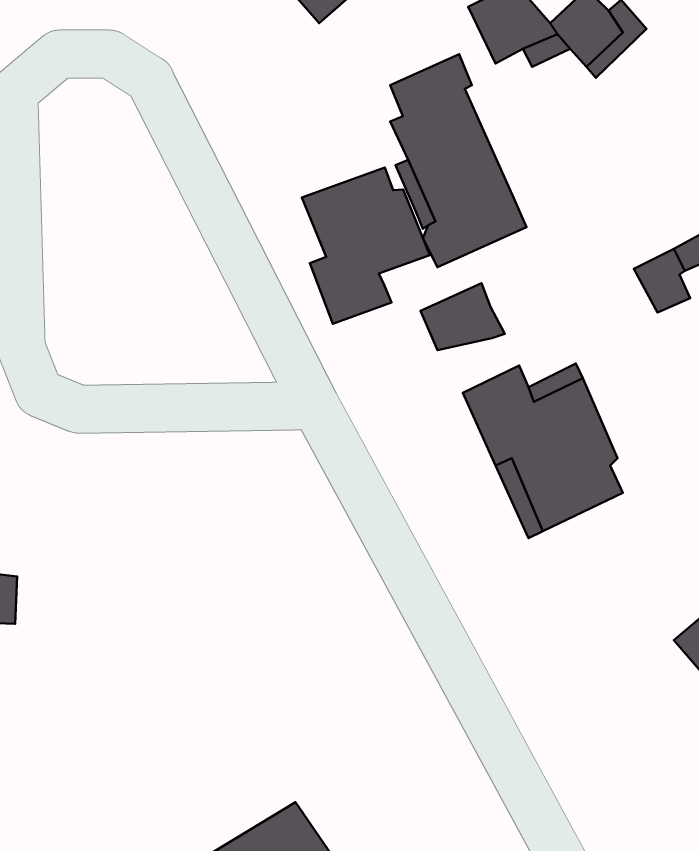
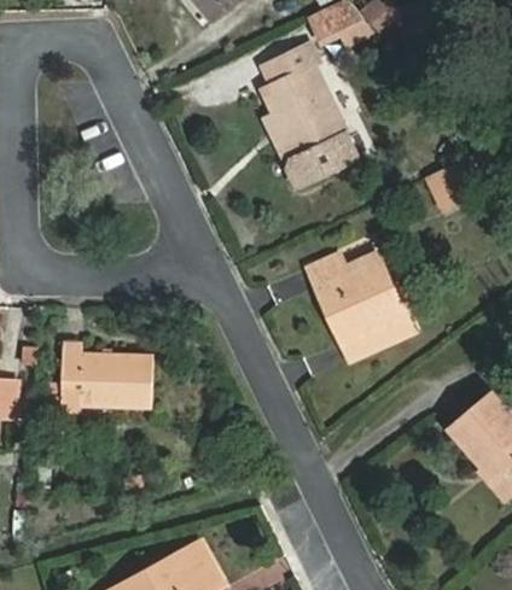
building: [302,167,430,324] -> none
building: [421,283,505,350] -> none
building: none -> [62,343,159,413]

